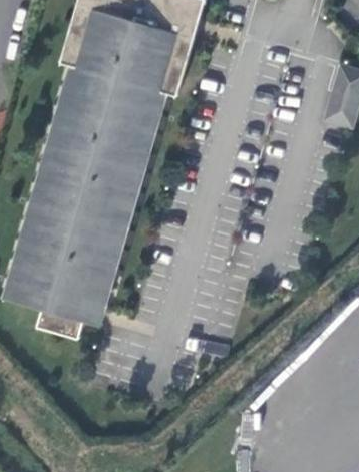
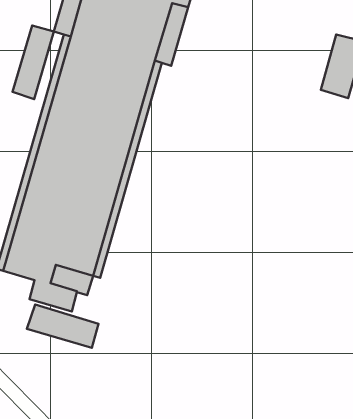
building: none -> [12,25,54,99]
building: none -> [27,304,99,348]

